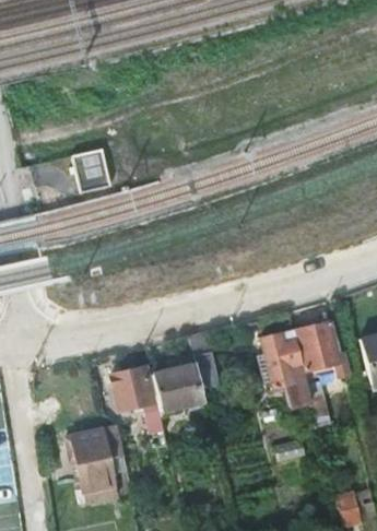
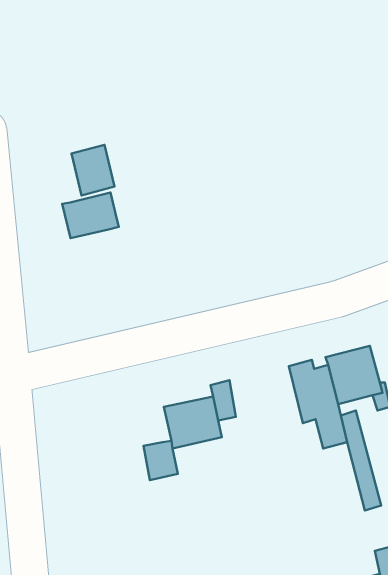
building: none -> [62,193,119,238]
building: [110,369,152,411] -> none
building: [66,429,119,506] -> none

